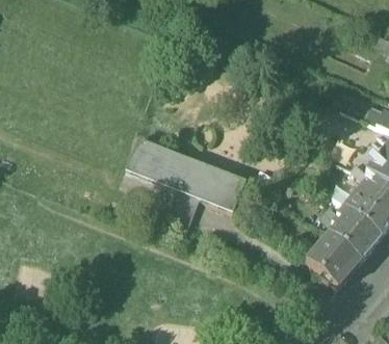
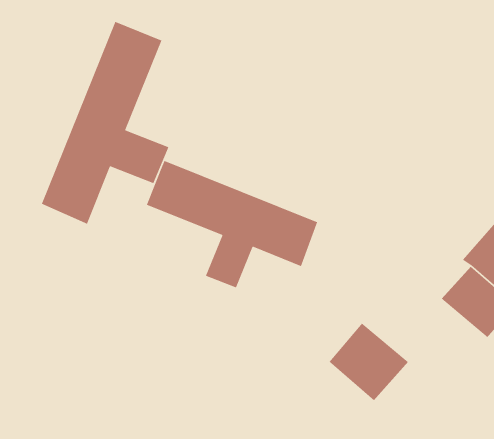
building: none -> [41,21,169,225]
building: [306,232,361,286] -> [329,323,409,401]

